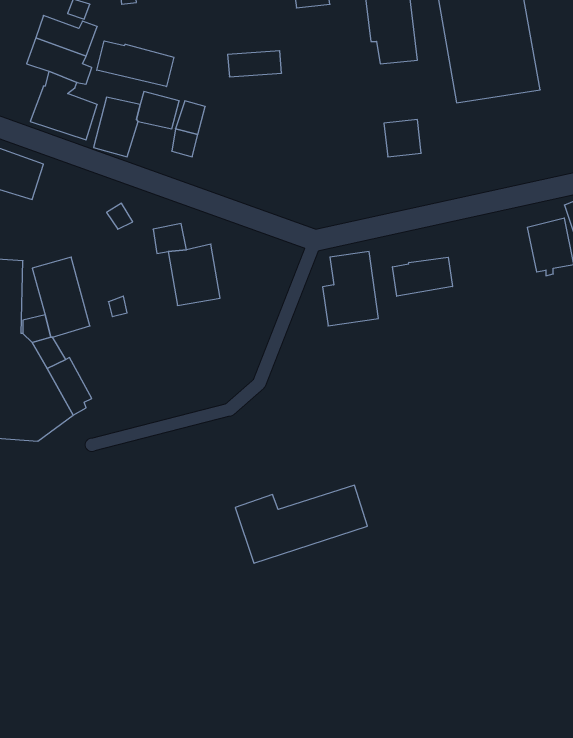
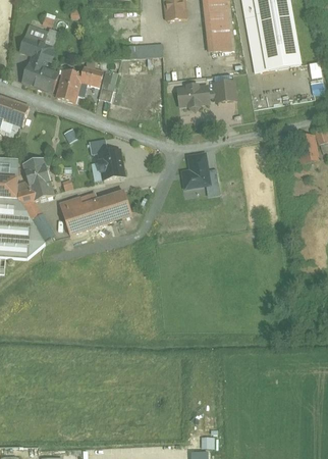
building: [97,41,174,87] -> none
building: none -> [177,85,208,106]
building: [393,257,452,296] -> none
building: [235,485,367,563] -> [58,191,130,234]

